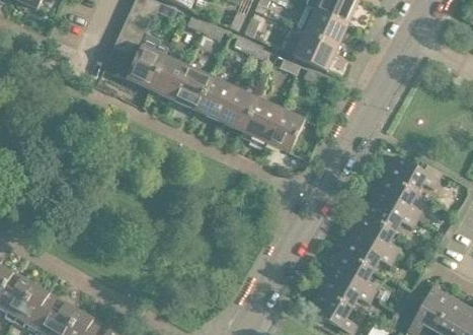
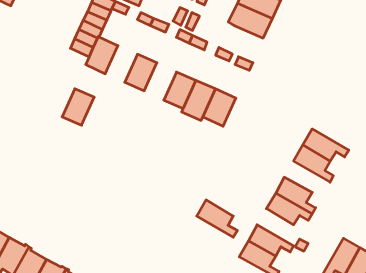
building: [293,31,337,71] -> none
building: [149,56,187,99] -> [62,89,94,125]
building: [195,76,234,121] -> none
building: [363,194,417,231] -> none
building: [330,251,379,295] -> [197,200,237,237]

